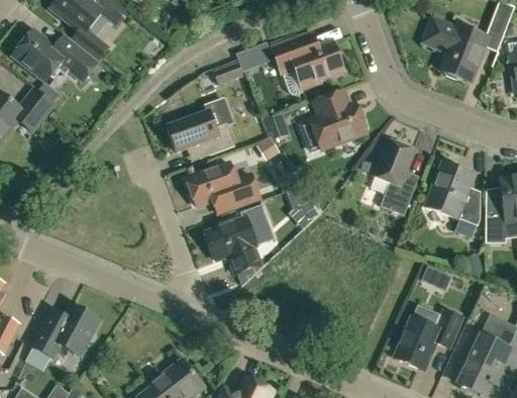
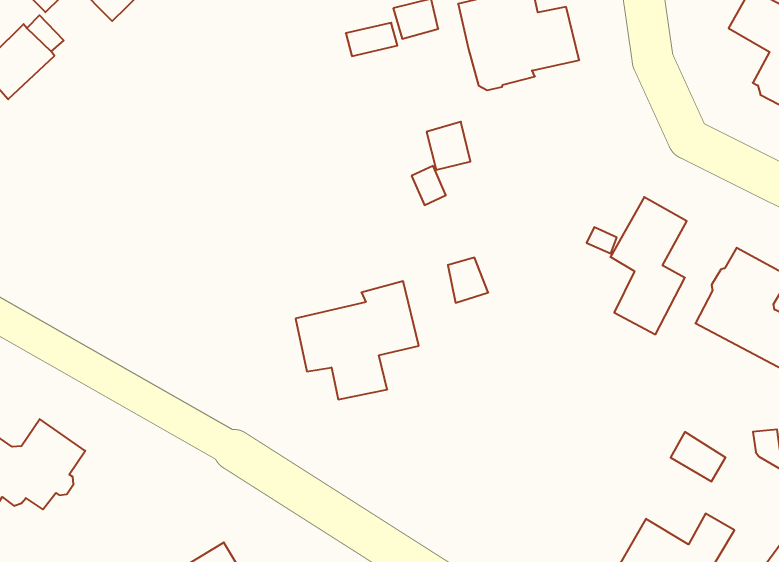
building: [309,90,367,147] -> none
building: [167,98,234,157] -> none
building: [186,163,258,212] -> none

